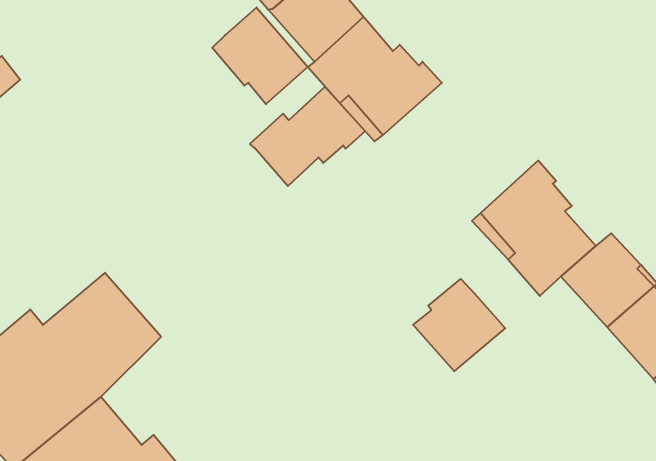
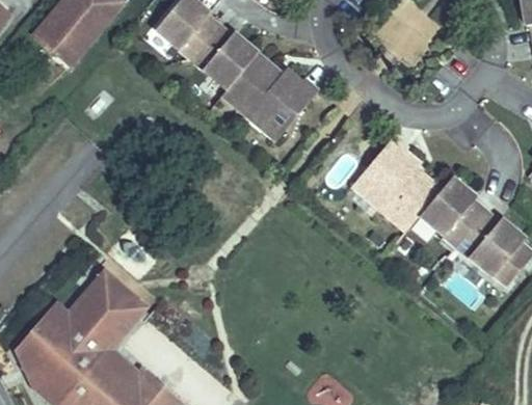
building: [212,7,308,104] -> none
building: [250,87,365,186] -> none
building: [413,279,505,371] -> none

